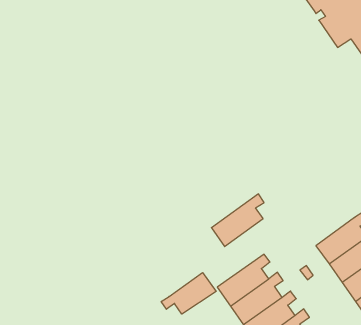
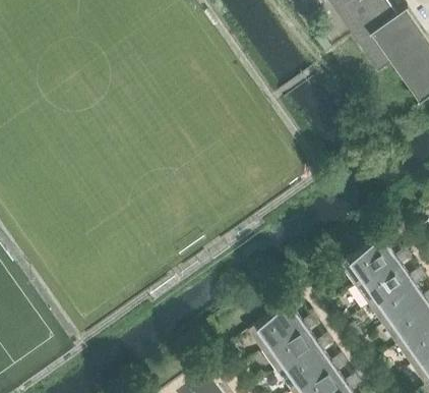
building: [211,194,264,247] -> [343,230,400,287]
building: [161,273,216,314] -> none

